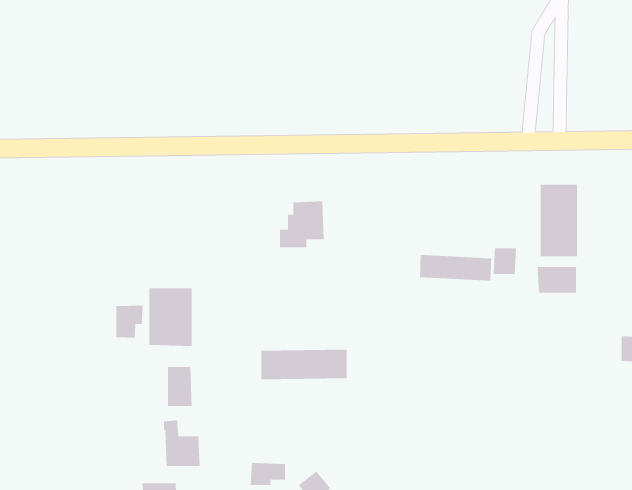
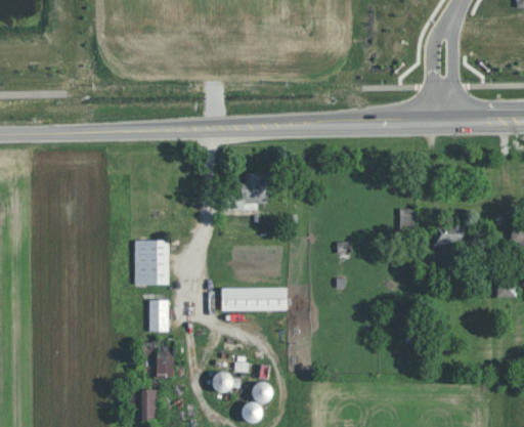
building: [540,184,578,257] -> none
building: [419,254,492,282] -> none
building: [116,305,143,338] -> none

